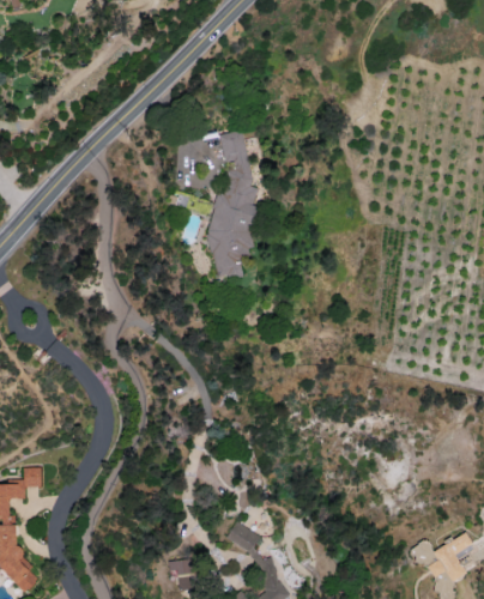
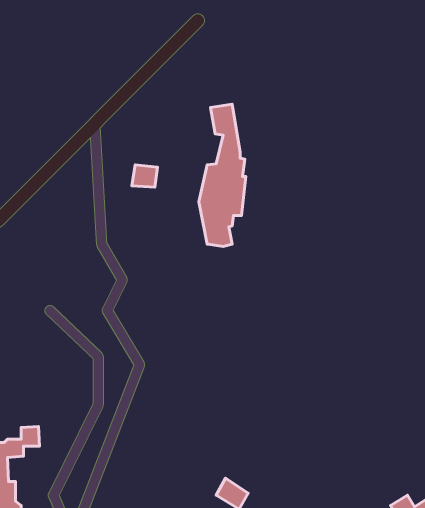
building: none -> [132,165,157,187]

